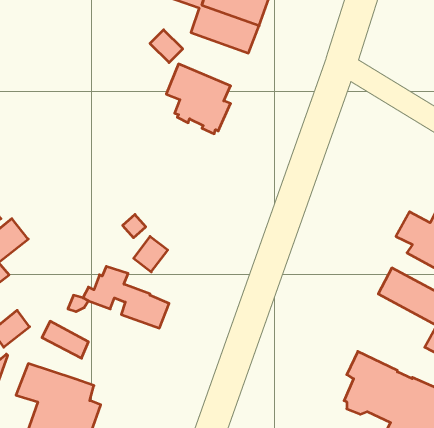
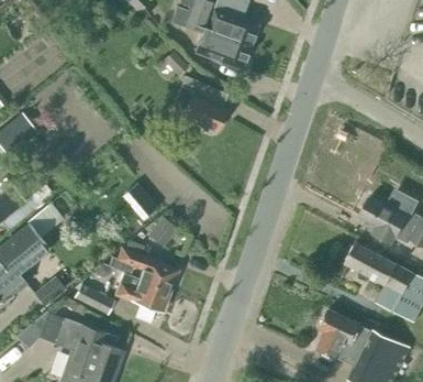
building: none -> [114,273,169,312]

